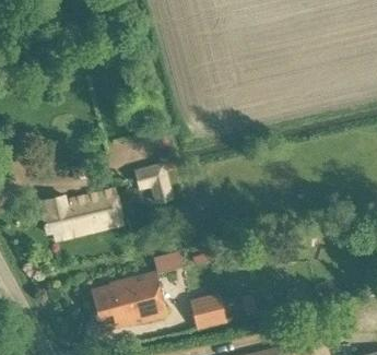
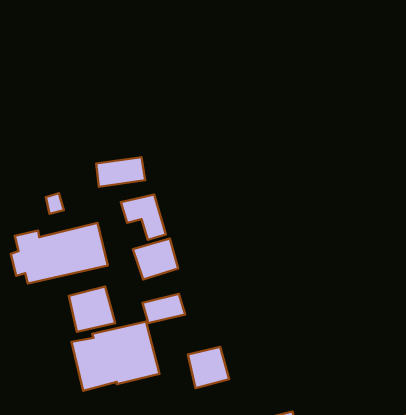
building: none -> [133,239,178,279]
building: none -> [69,286,115,332]

